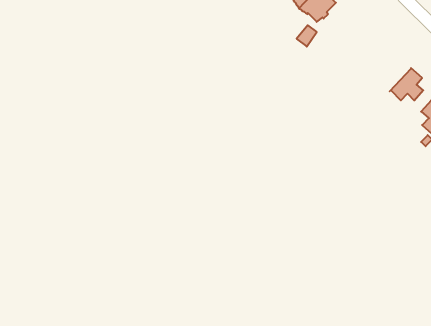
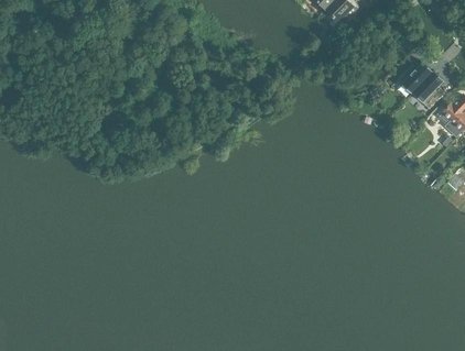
building: none -> [396,62,431,94]

